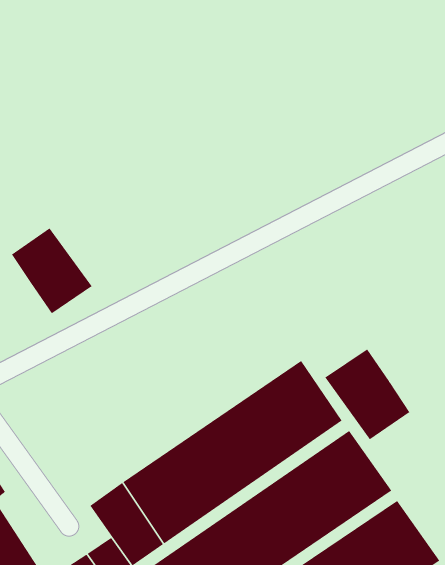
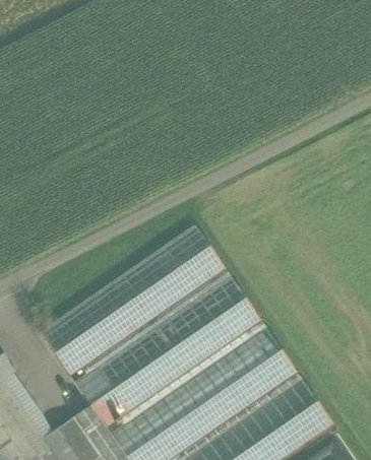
building: [11,228,92,314] -> none
building: none -> [40,226,227,379]
building: [324,348,410,440] -> none

